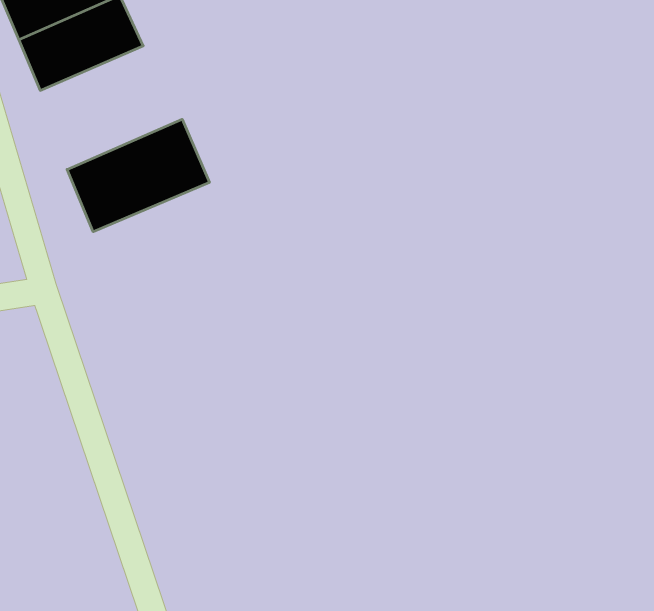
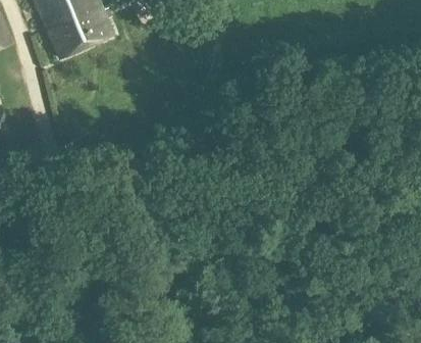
building: [67,119,209,232] -> none

